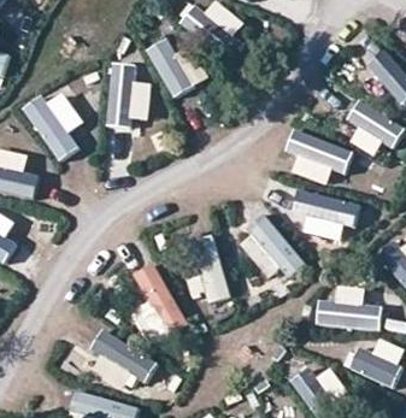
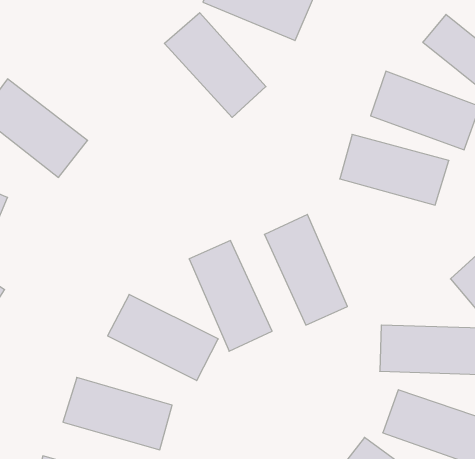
building: [106,54,149,136] -> none
building: [277,190,363,246] -> none

